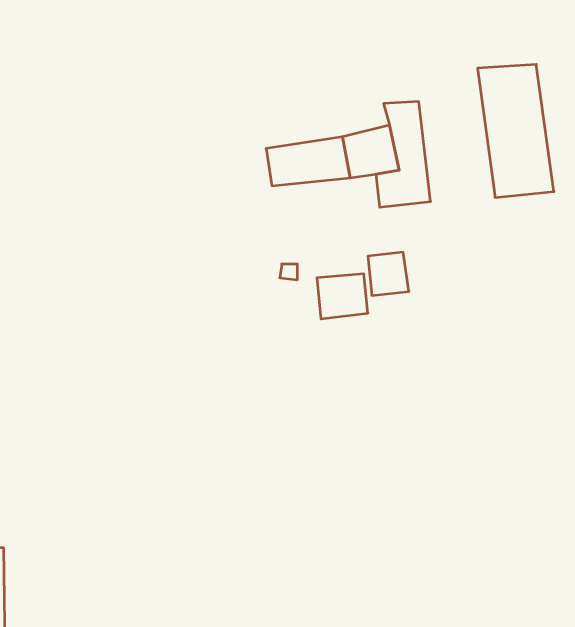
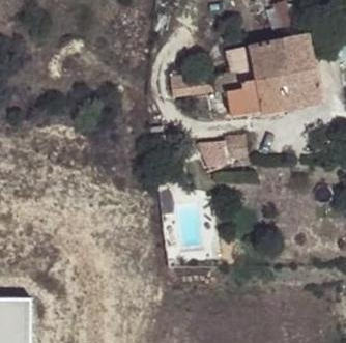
building: none -> [248,40,290,111]

